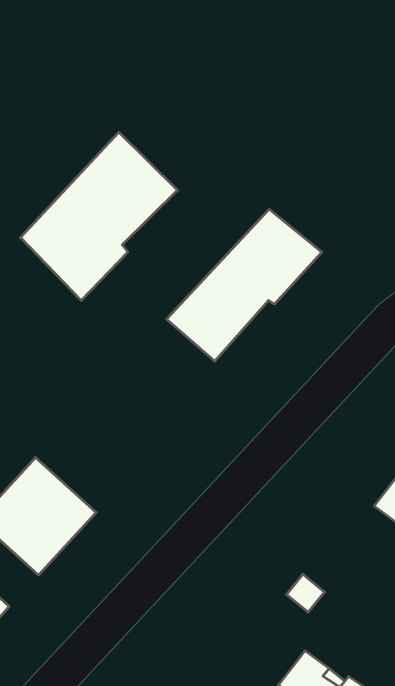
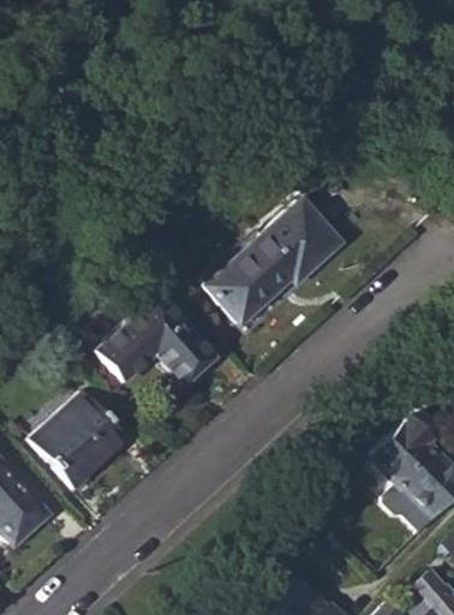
building: [20,132,178,301] -> none
building: none -> [97,293,216,386]

